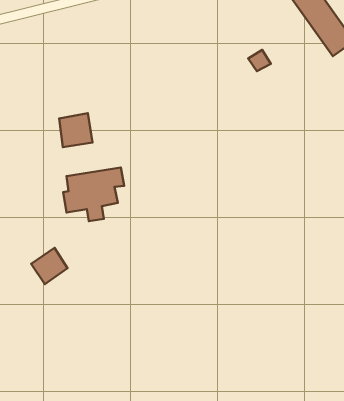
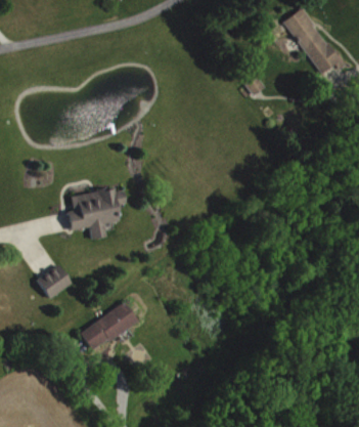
building: [59,113,92,147] -> none
building: none -> [78,302,137,355]

